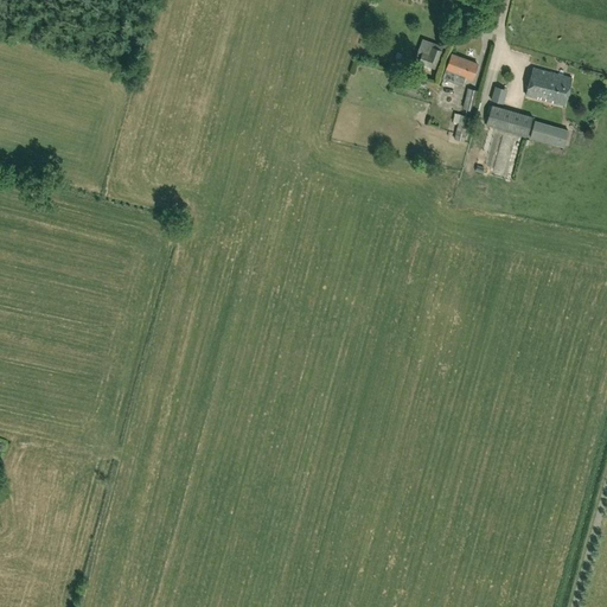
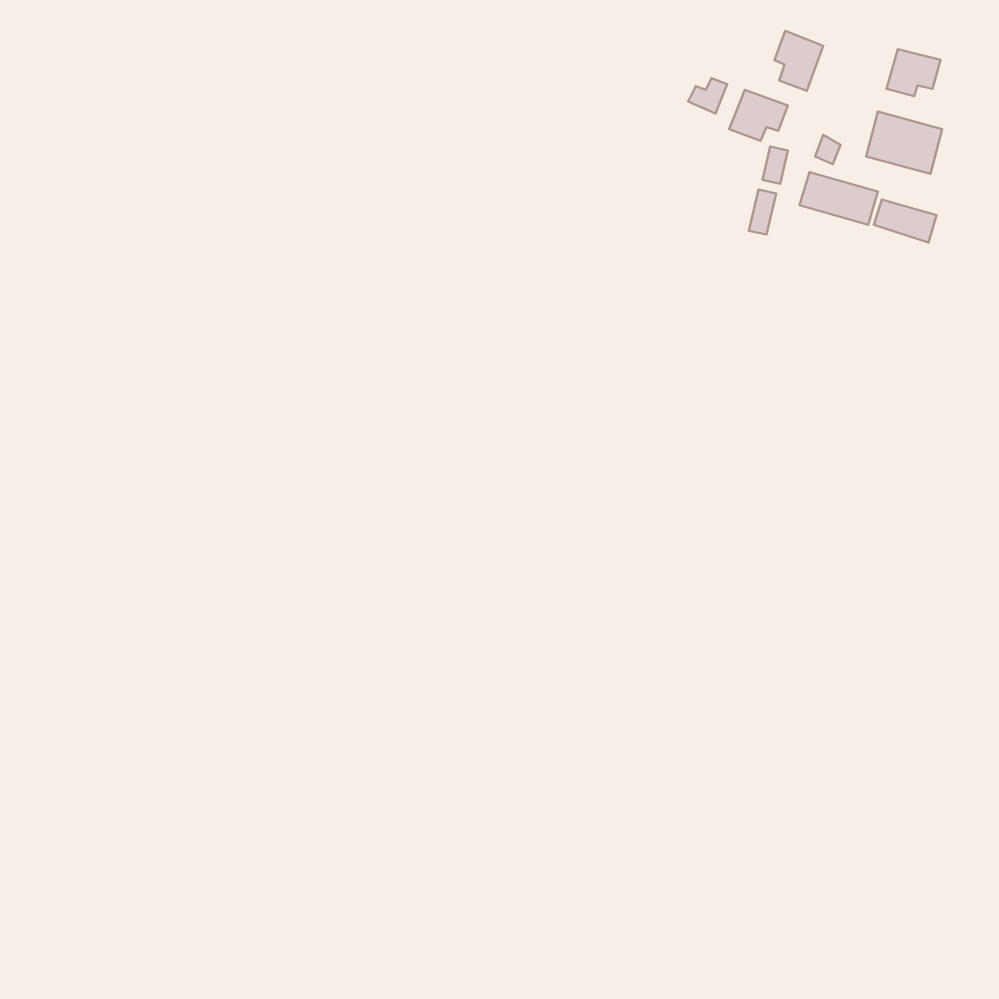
building: none -> [774,31,823,91]
building: none -> [887,49,941,96]

